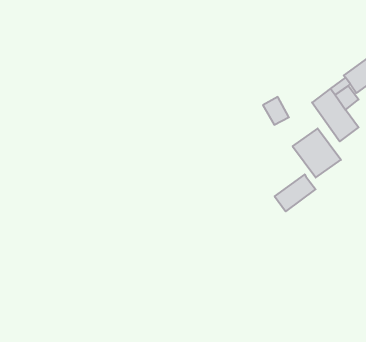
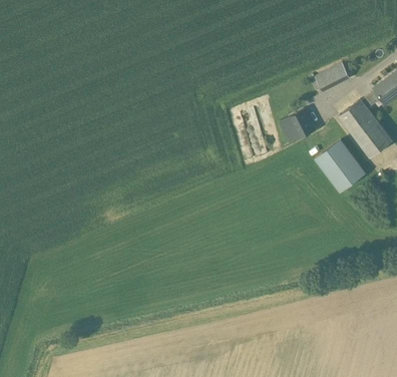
building: none -> [313,63,346,91]
building: [275,174,316,211] -> none

